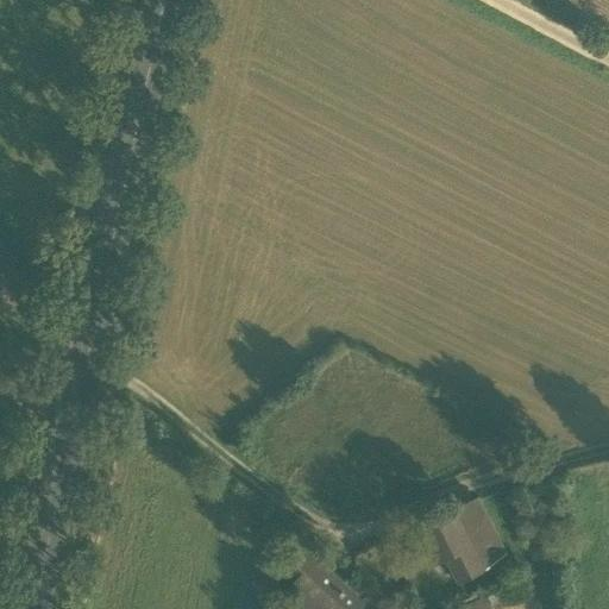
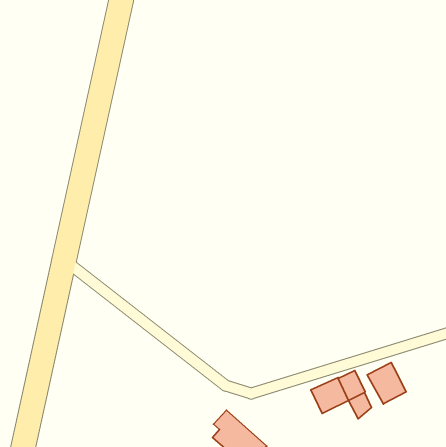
building: none -> [367,362,406,404]
building: [447,545,489,585] -> none

